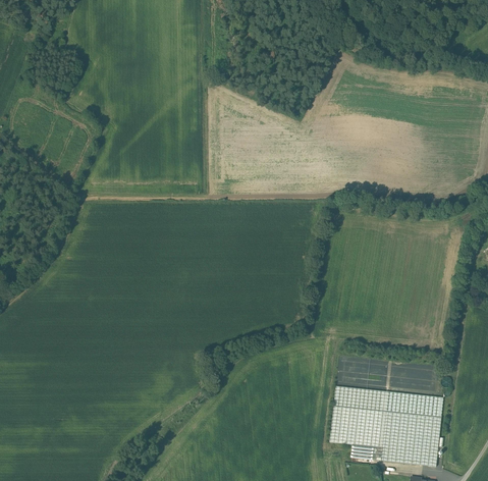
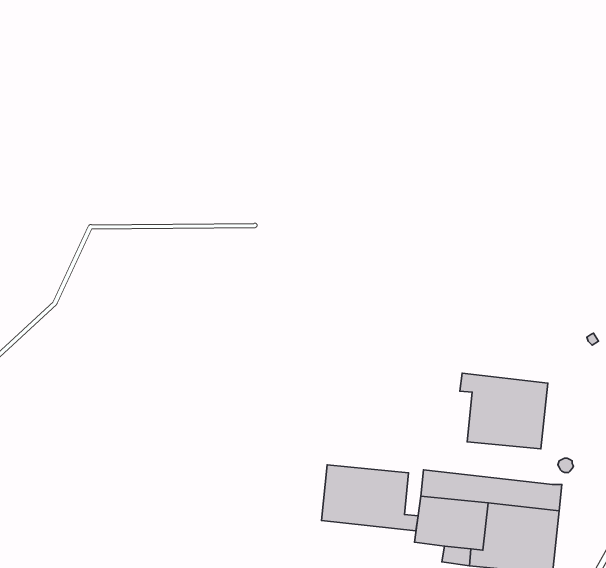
building: none -> [460,373,548,449]
building: none -> [321,465,418,531]

